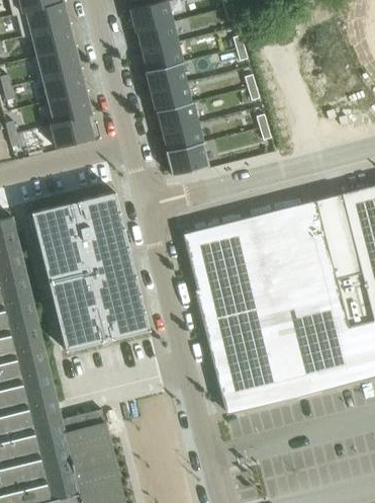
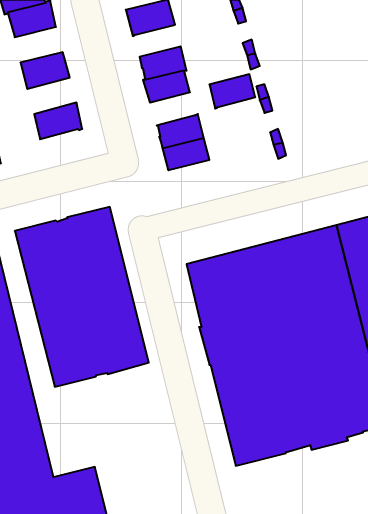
building: [136,23,178,52] -> none
building: [31,25,74,57] -> none
building: [42,70,86,102] -> none
building: [151,83,191,113] -> [209,74,255,109]
building: [50,115,93,149] -> none
building: [165,143,209,176] -> none

